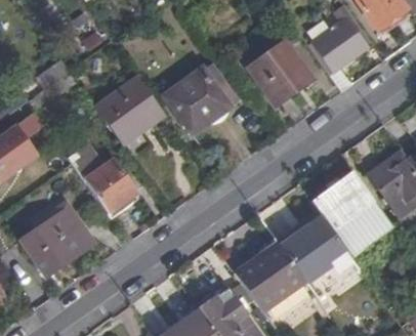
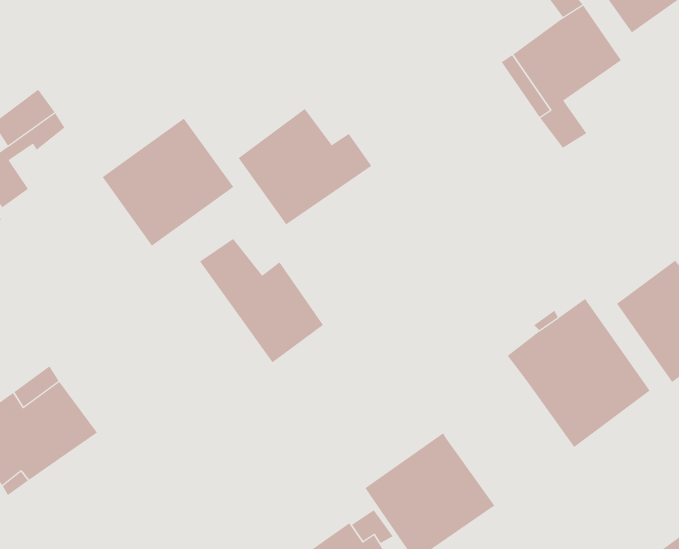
building: [248,42,313,104] -> none
building: [69,148,135,214] -> [199,238,324,363]
building: [280,215,348,284] -> none

